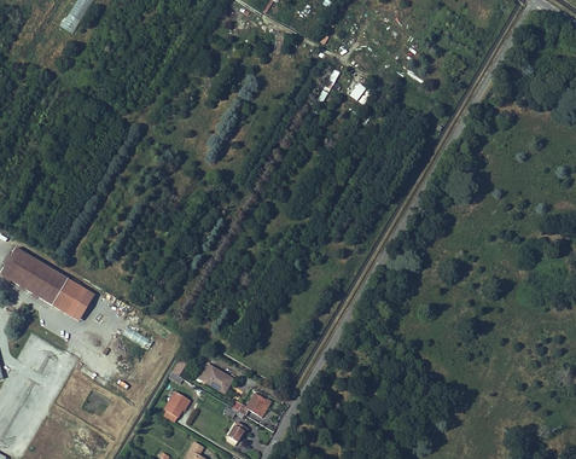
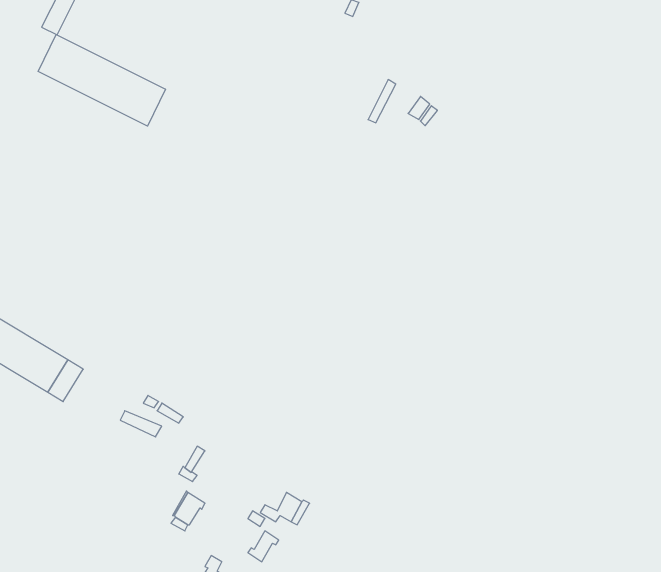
building: none -> [38,34,165,126]
building: [199,356,233,393] -> none

